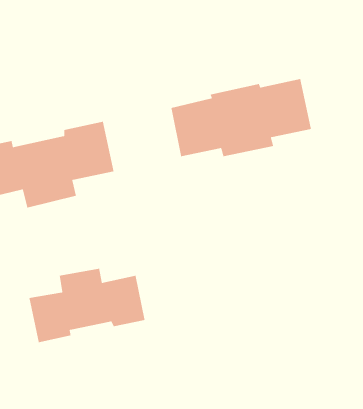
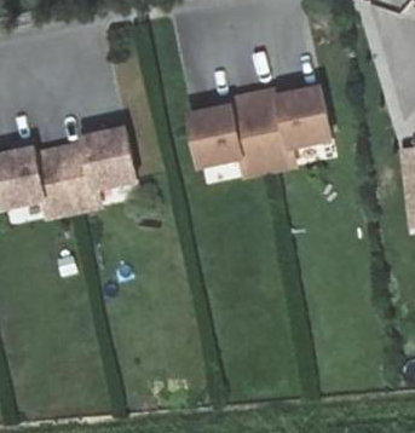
building: [29,268,146,343] -> none

